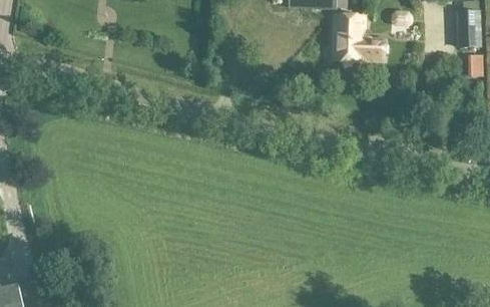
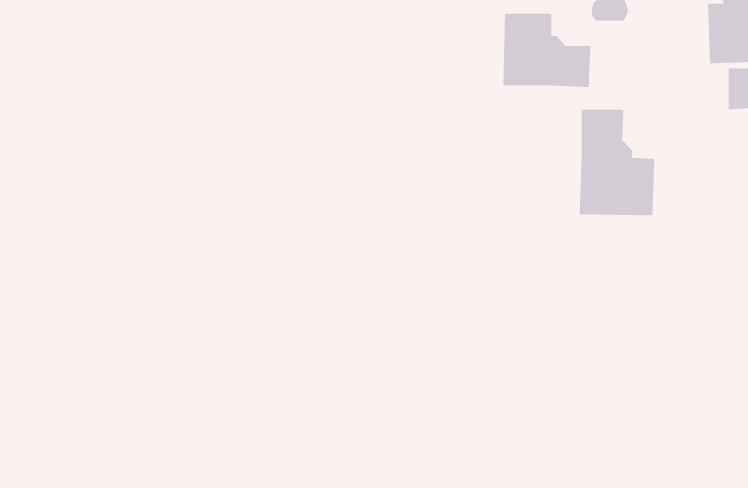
building: none -> [579,109,655,216]

